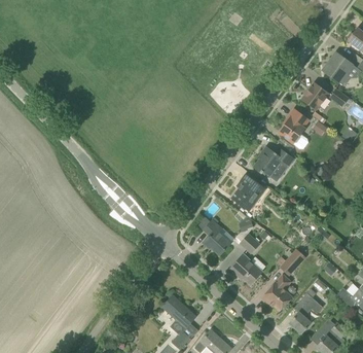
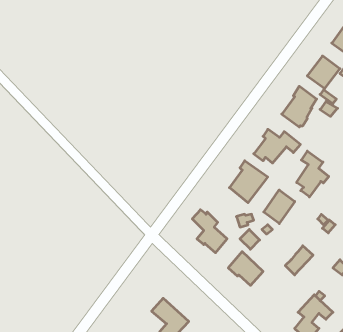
building: none -> [297,151,329,197]
building: none -> [264,190,295,224]
building: [261,275,292,311] -> none

